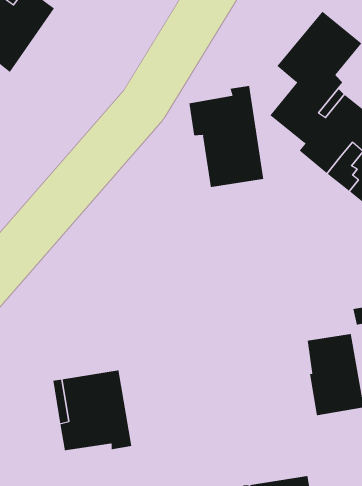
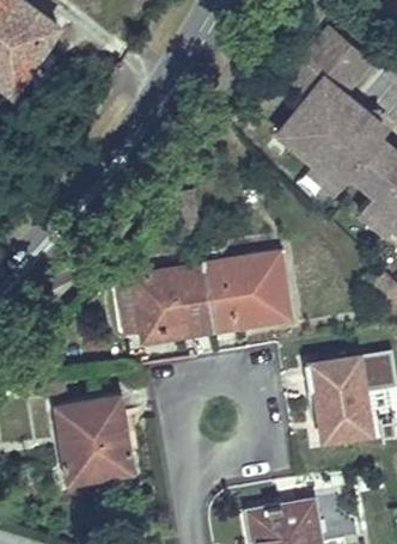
building: [189,85,264,188] -> none
building: none -> [122,256,289,341]

